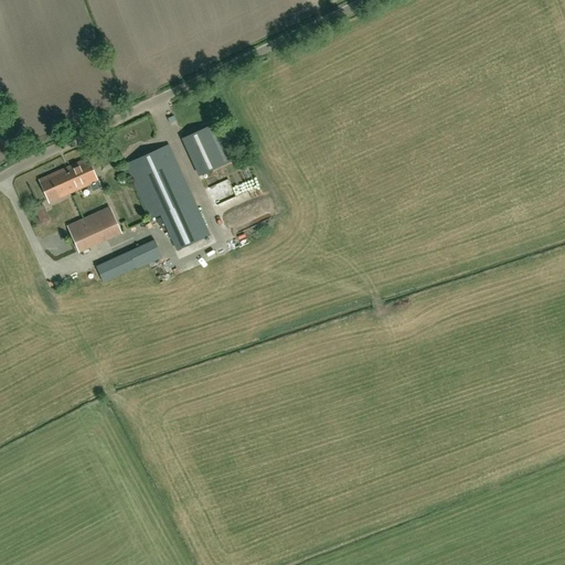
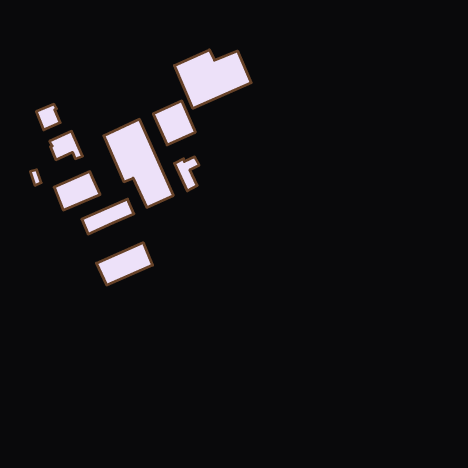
building: none -> [174,50,251,108]
building: [39,170,67,201] -> [36,104,60,130]
building: none -> [96,243,153,285]

